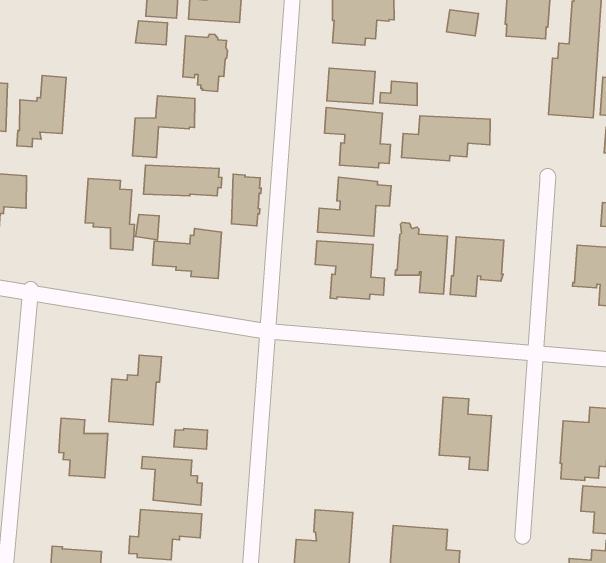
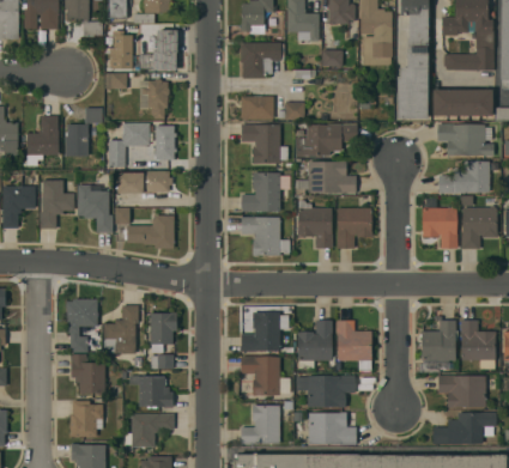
building: none -> [65,107,102,156]
building: none -> [40,180,74,227]
building: none -> [297,160,356,193]
building: [231,174,261,226] -> [154,124,175,159]
building: none -> [66,299,98,352]
building: none -> [150,311,177,352]
building: none -> [241,312,289,351]
building: none -> [297,320,334,367]
building: none -> [241,355,290,395]
building: none -> [296,375,355,407]
building: none -> [69,400,103,436]

